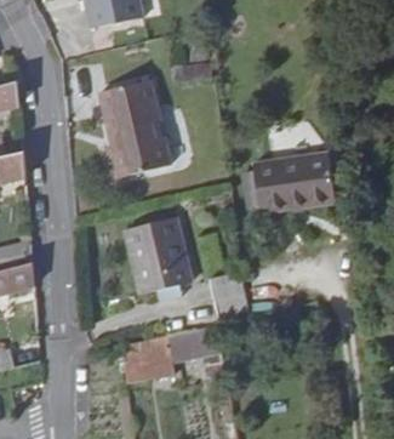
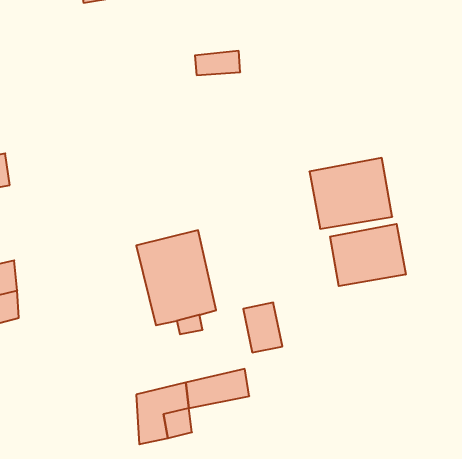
building: [93,62,166,164] -> none
building: none -> [330,224,406,286]

